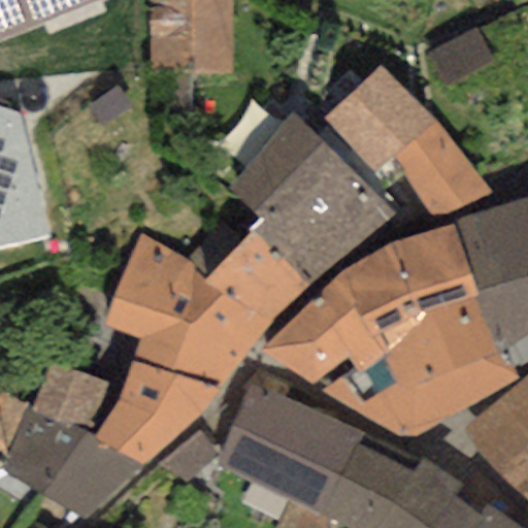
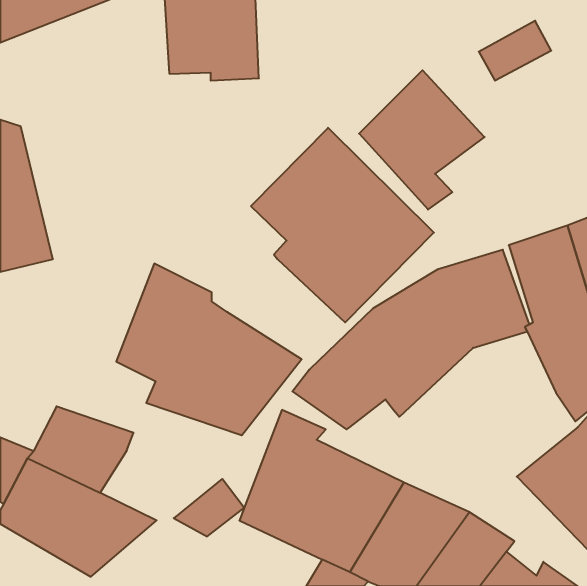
building: [391,123,493,216] -> none
building: [204,232,310,322] -> none
building: [322,297,517,437] -> none
building: [91,361,218,466] -> none

